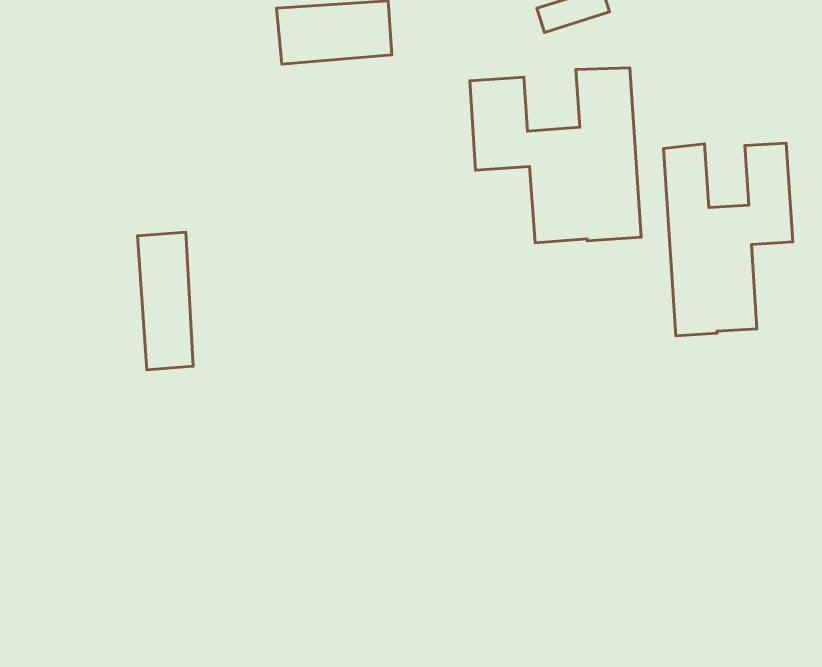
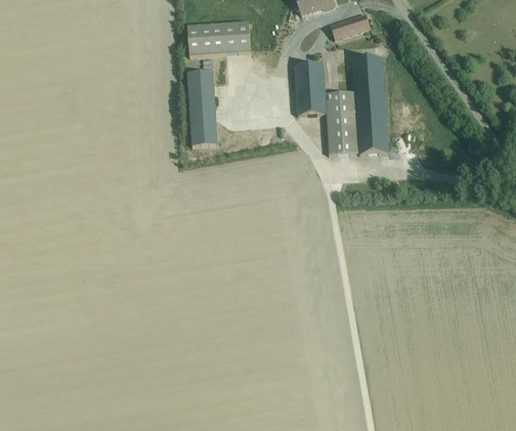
building: [664,143,793,336] -> none
building: [137,232,193,370] -> [187,70,218,145]

